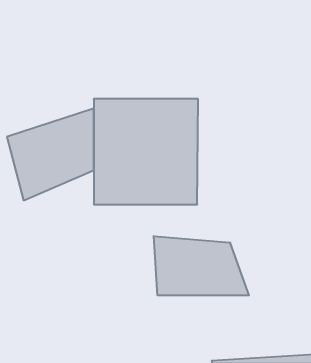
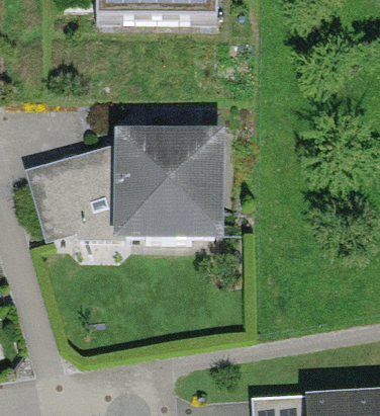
building: [154,236,249,295] -> none

